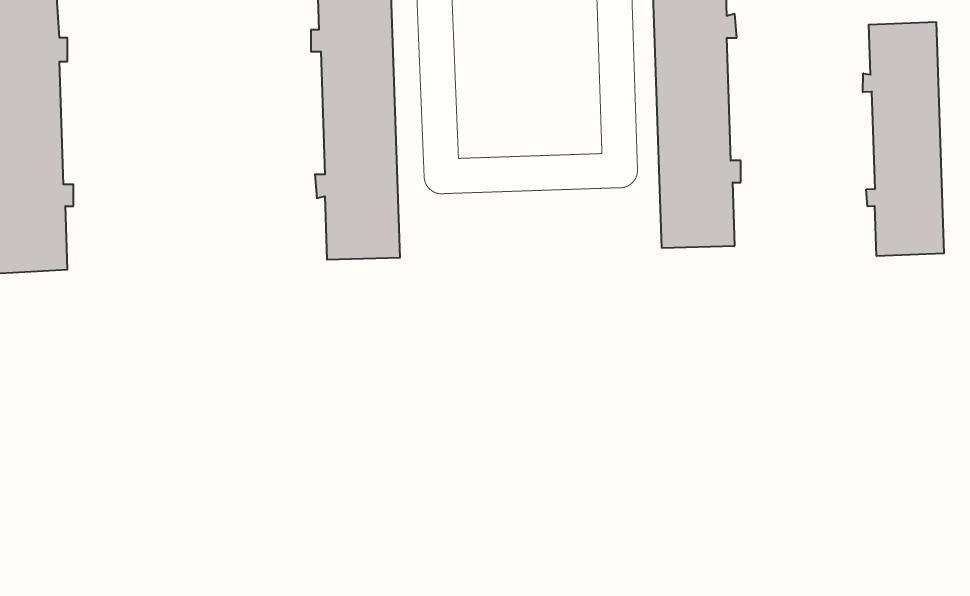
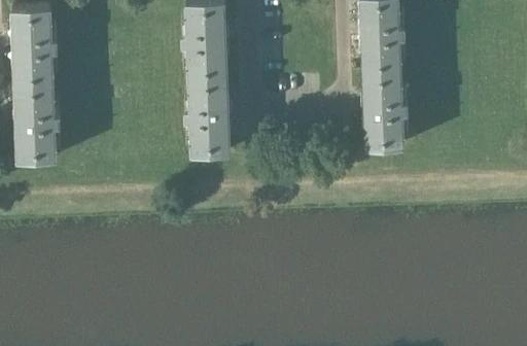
building: [863,22,944,256] -> none

